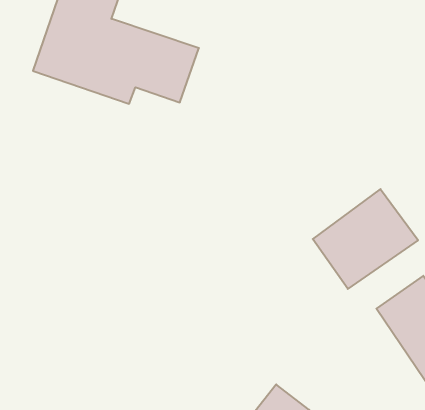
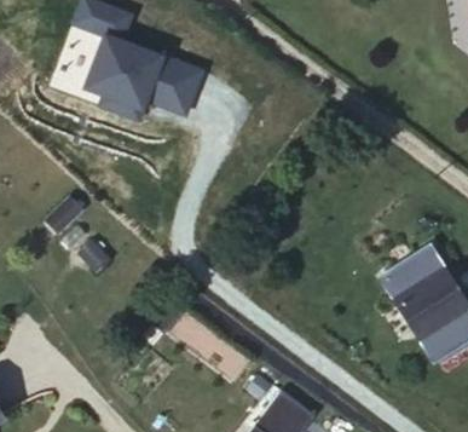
building: [313,189,418,289] -> none

